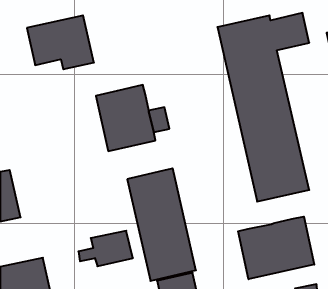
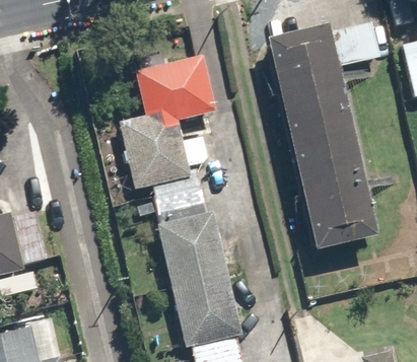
building: [27,15,94,69] -> [134,55,216,121]
building: [238,217,314,279] -> none
building: [78,231,133,266] -> [136,179,203,223]

